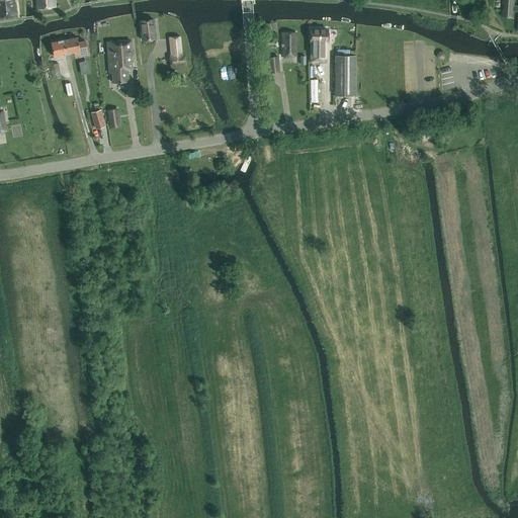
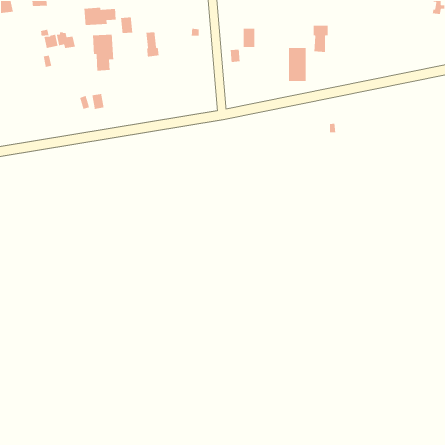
building: none -> [83,7,116,26]
building: [310,29,328,62] -> [313,25,328,53]

